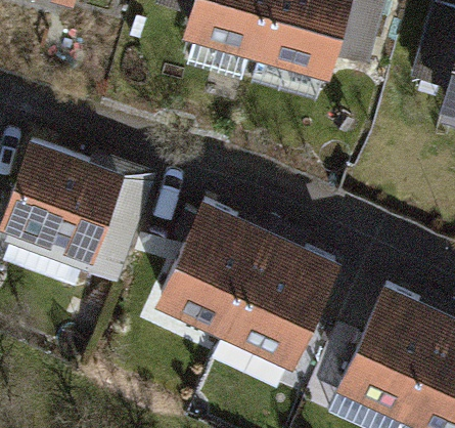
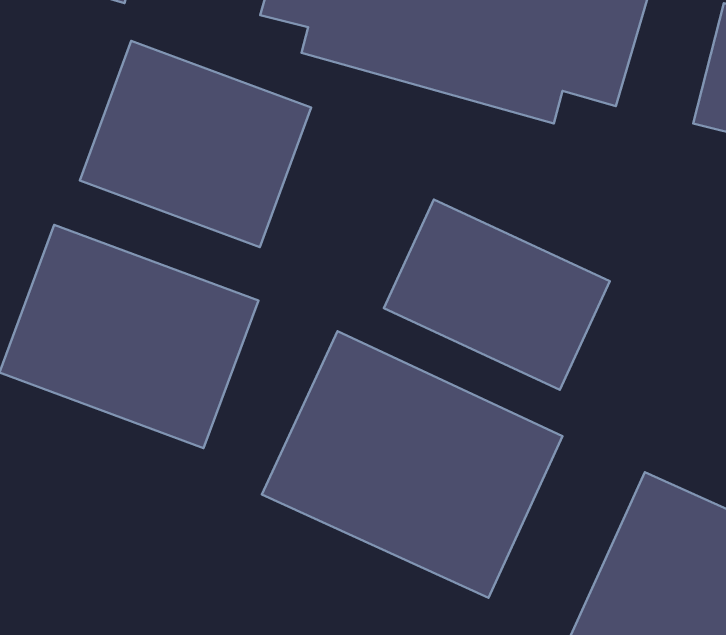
building: none -> [80,41,311,247]
building: none -> [384,199,610,390]

